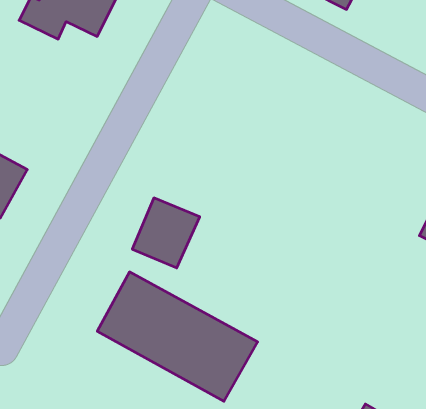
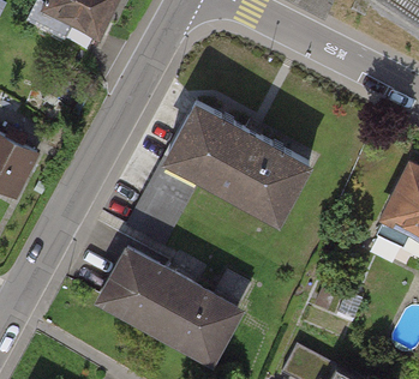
building: none -> [167,108,310,223]

